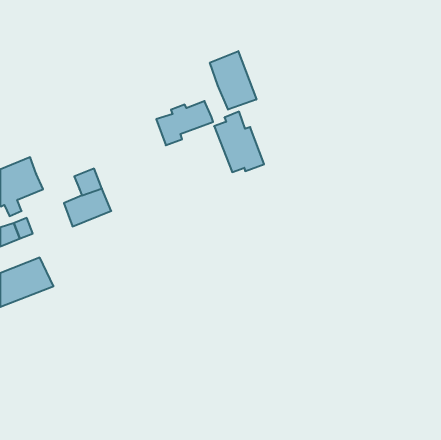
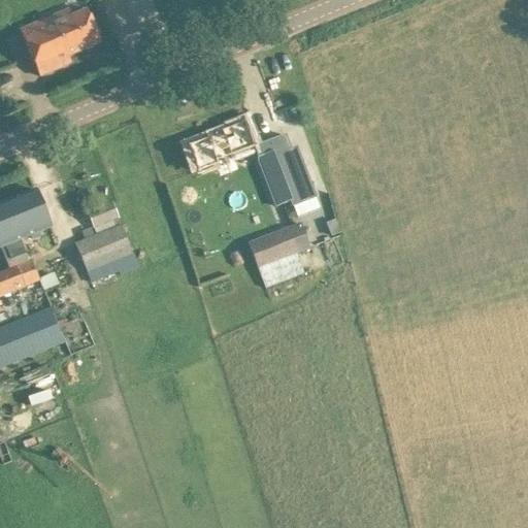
building: none -> [21,8,100,74]
building: [210,51,256,110] -> none
building: none -> [248,223,310,288]

